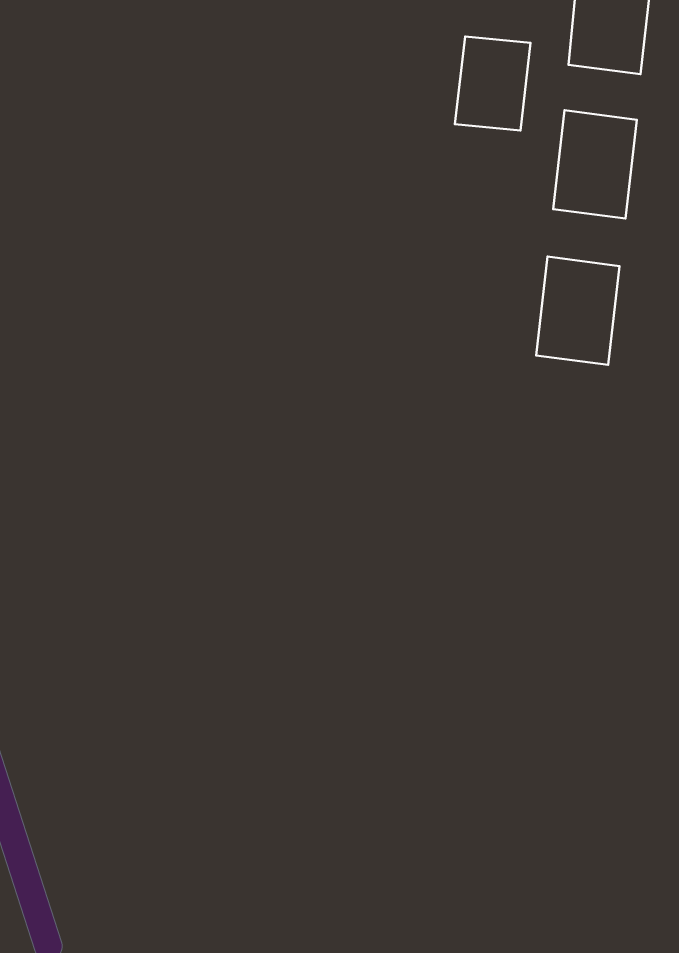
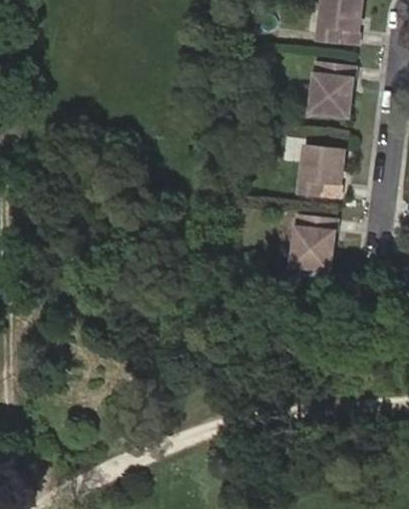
building: [455,36,531,131] -> none
building: none -> [293,211,337,269]

